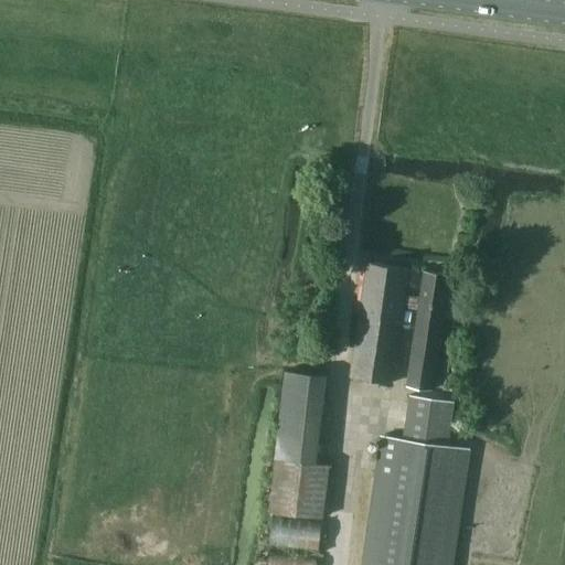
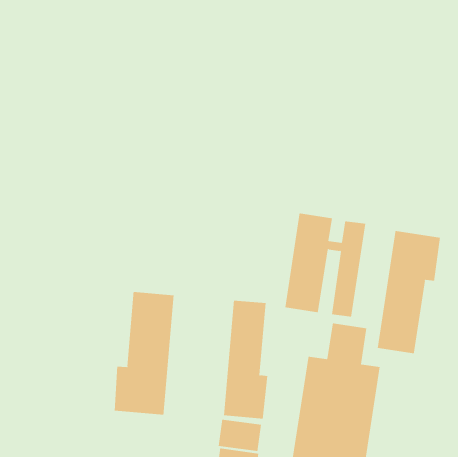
building: none -> [377,230,440,354]
building: none -> [114,291,174,415]

